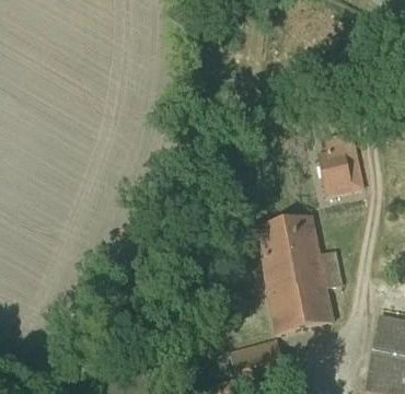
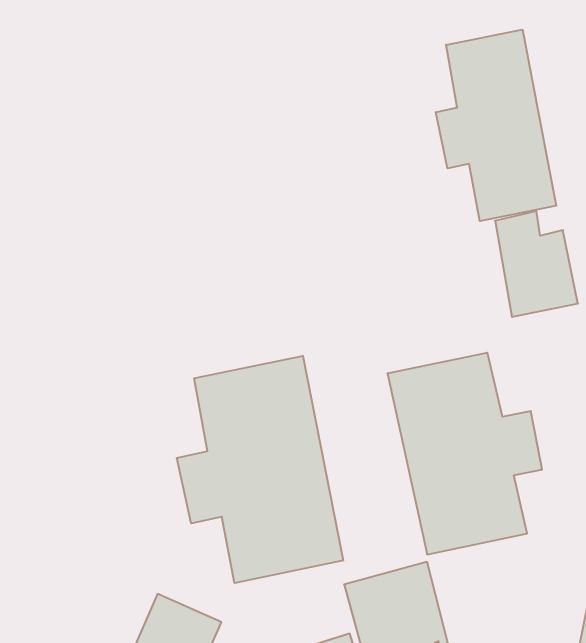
building: none -> [436,30,556,221]
building: none -> [177,356,343,583]

